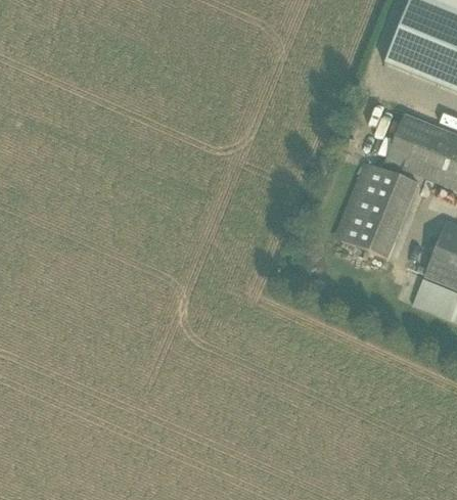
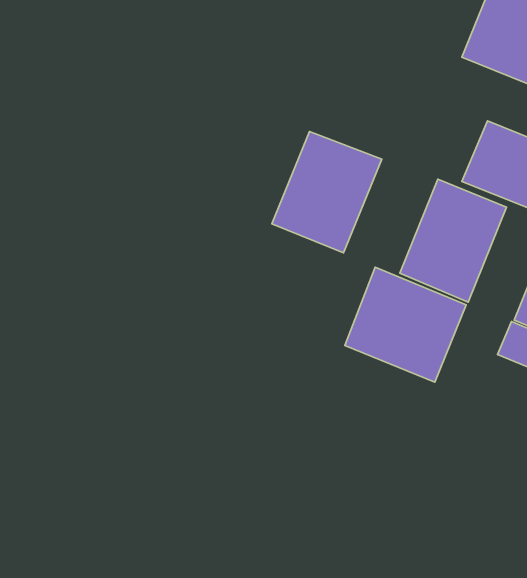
building: none -> [272,131,382,253]
building: none -> [345,267,466,382]

